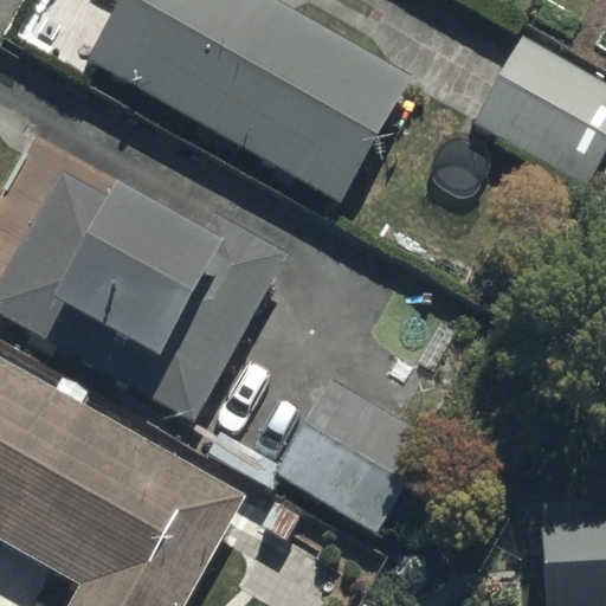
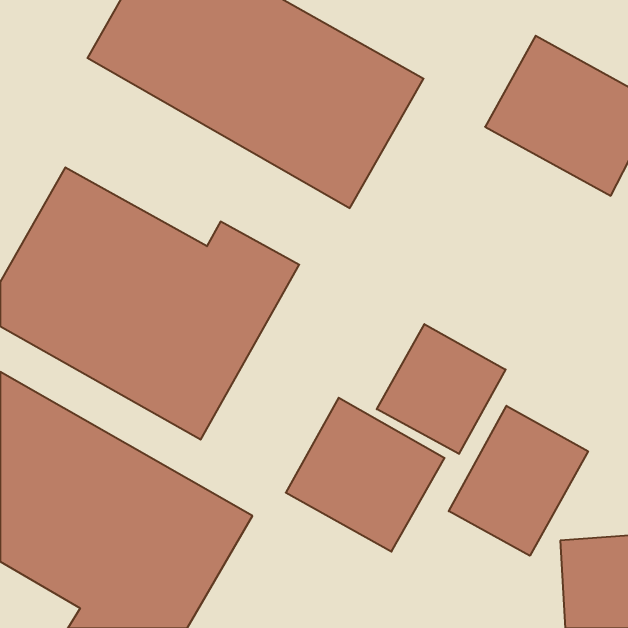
building: none -> [377,324,506,454]
building: none -> [449,406,588,556]

